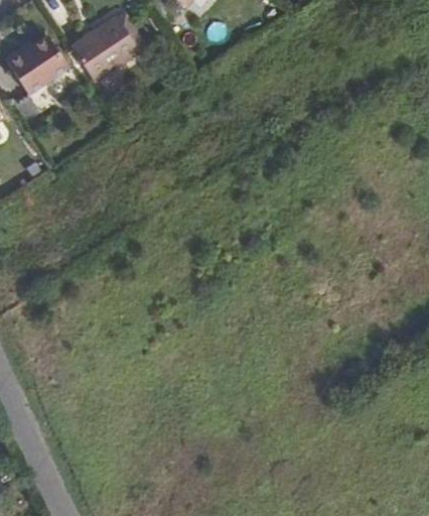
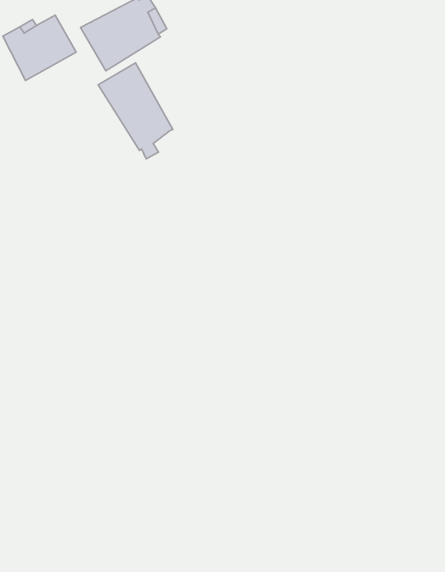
building: none -> [98,63,173,159]

